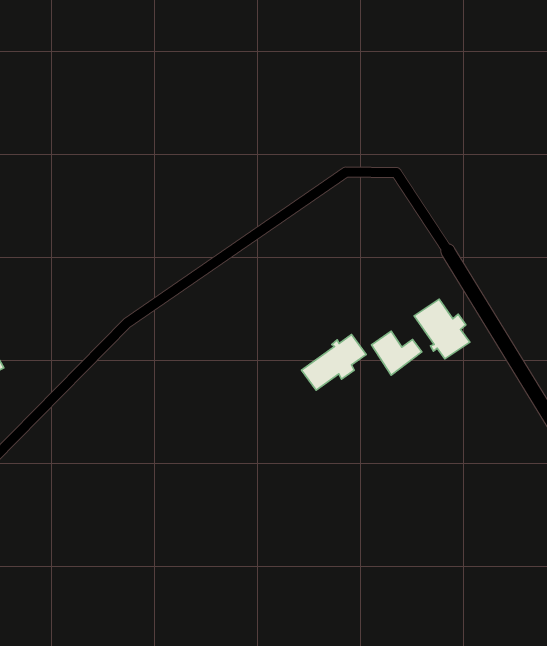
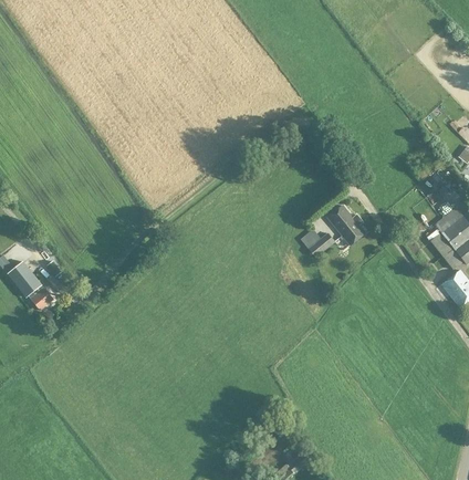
building: [301,335,366,390] -> none

